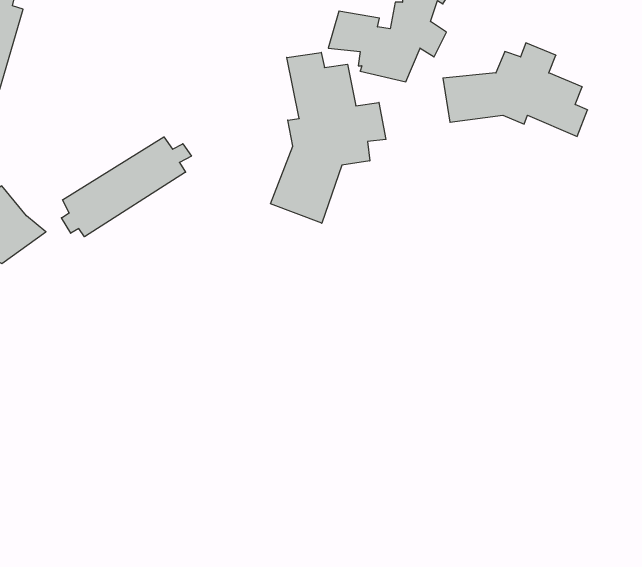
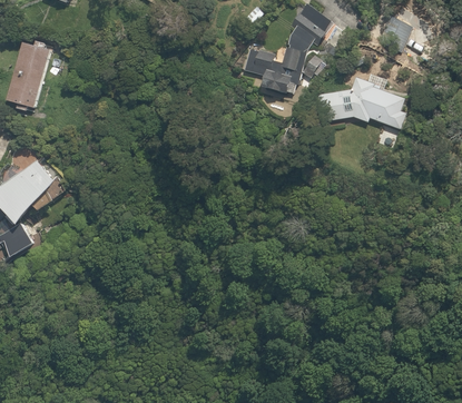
building: [270,52,386,223] -> none
building: [61,137,191,237] -> none

